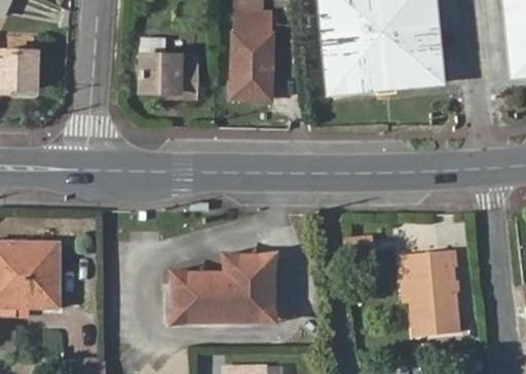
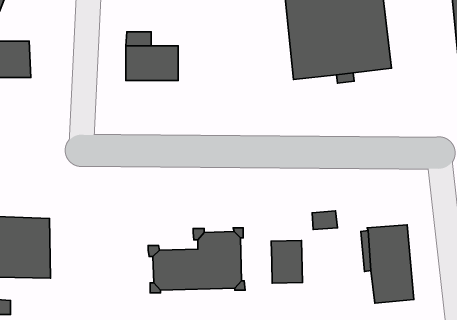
building: [233,12,273,99] -> none
building: none -> [271,240,302,283]

